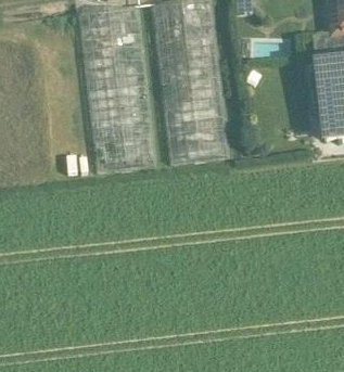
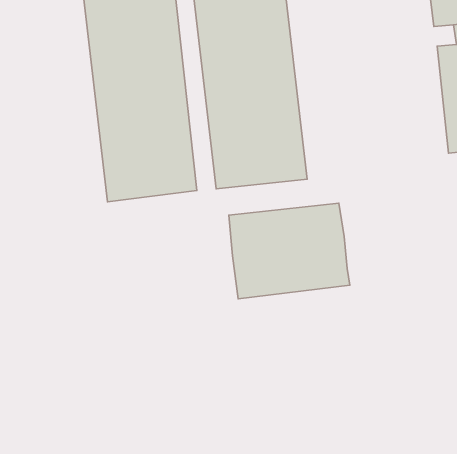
building: none -> [229,203,350,299]

